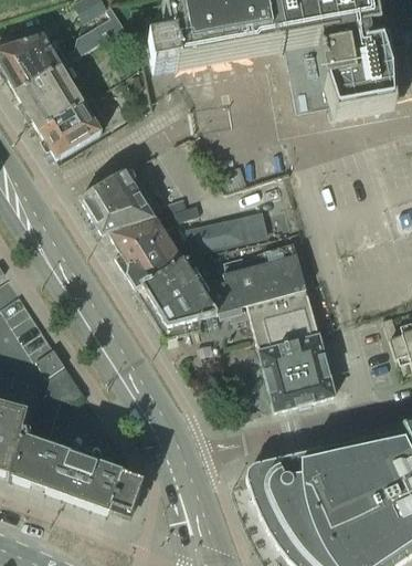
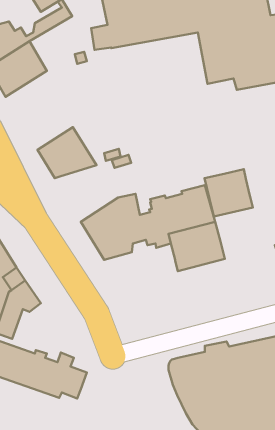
building: [40,97,105,159] -> none
building: [109,216,257,290] -> none
building: none -> [205,169,253,217]
building: [260,337,335,411] -> none

